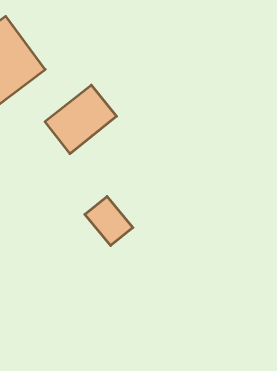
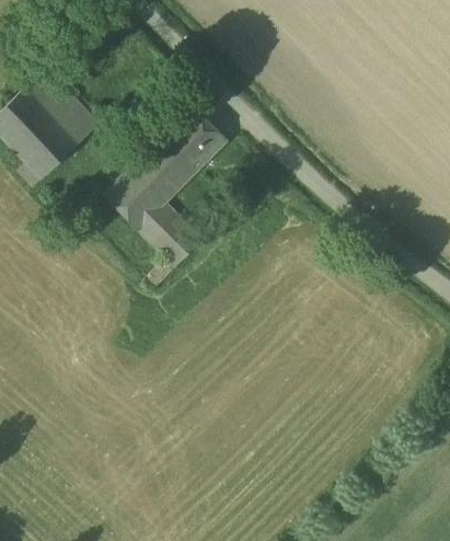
building: none -> [159,108,229,177]
building: [85,196,133,246] -> [141,205,203,265]

